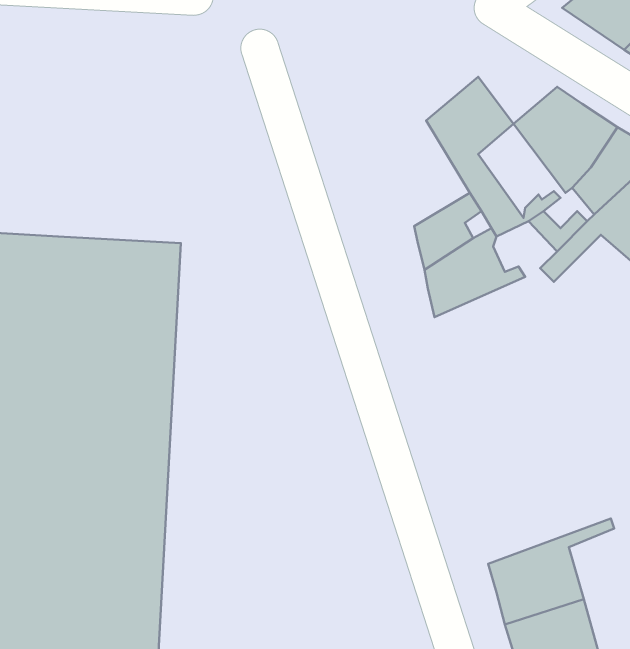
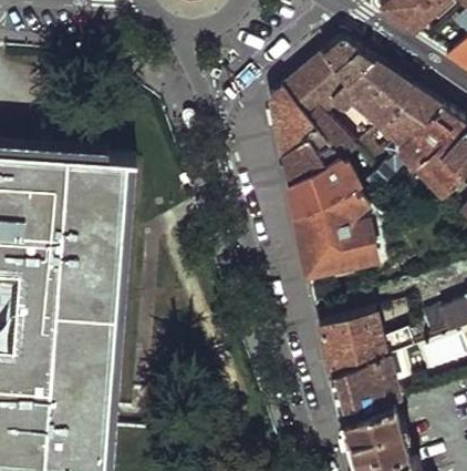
building: none -> [323,40,375,86]
building: none -> [271,84,318,154]
building: none -> [294,187,376,272]
building: none -> [319,311,411,377]

